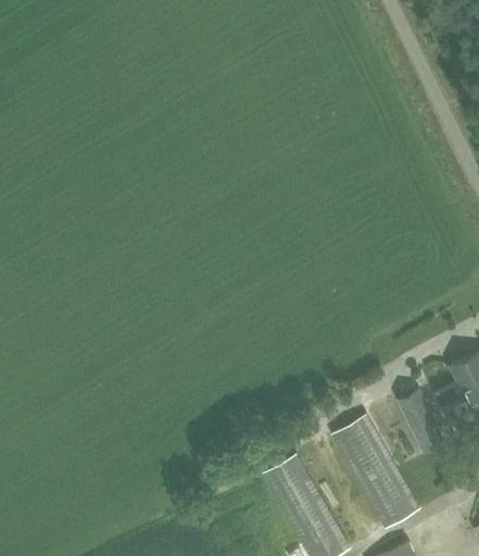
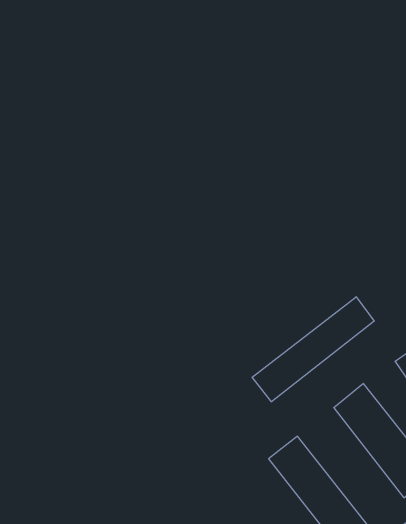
building: none -> [252,297,374,402]

